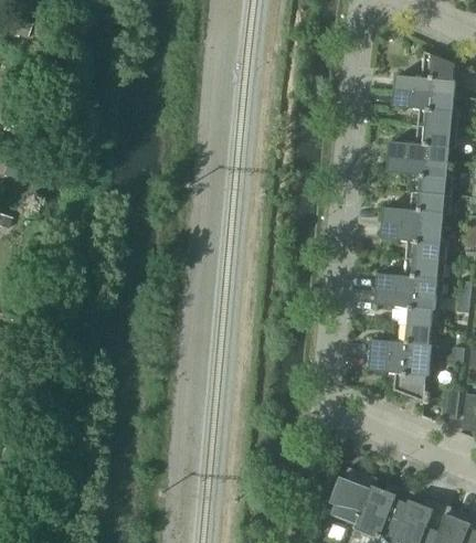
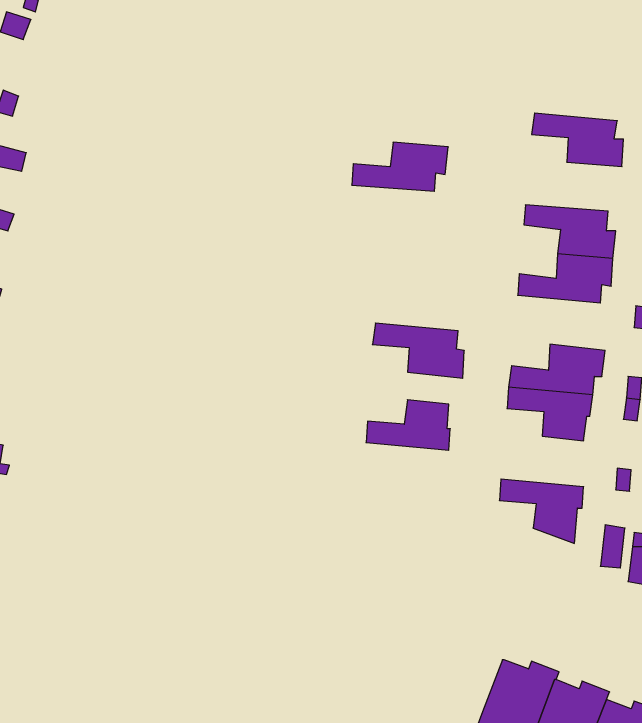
building: [394,51,455,96] -> none
building: [388,126,457,161] -> [352,142,448,191]
building: [380,222,446,262] -> [372,323,464,378]
building: [370,323,431,360] -> [366,400,450,450]
building: [329,467,375,522] -> none

